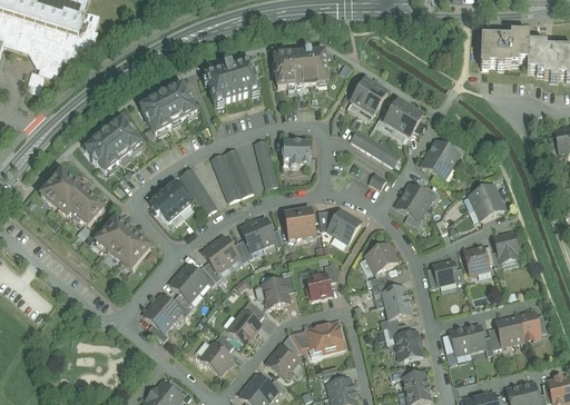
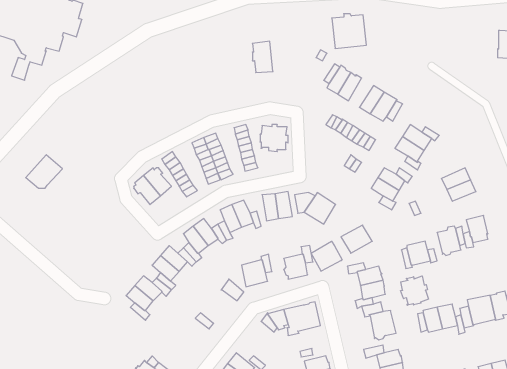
building: [480,32,529,65] -> none
building: [292,49,327,85] -> [332,14,366,48]
building: [205,60,259,103] -> none
building: [140,83,196,134] -> none
building: [86,118,141,171] -> none
building: [62,185,104,224] -> none
building: [96,217,150,270] -> none
building: none -> [311,241,342,271]
building: none -> [401,276,429,305]
building: [228,309,261,342] -> none
building: [200,342,233,373] -> none
building: [266,344,298,376] -> none

